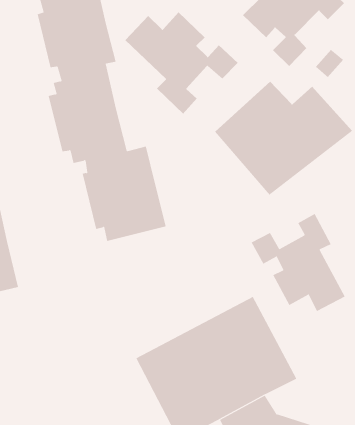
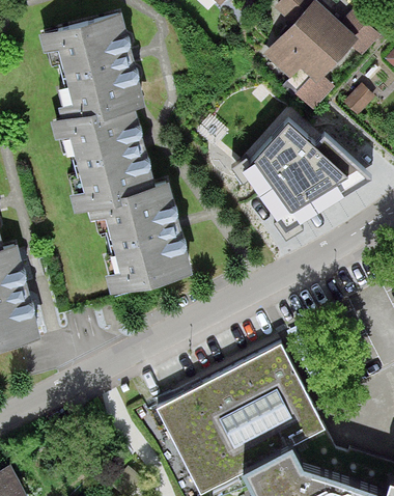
building: [124,11,239,114] -> none
building: [251,213,345,312] -> none

